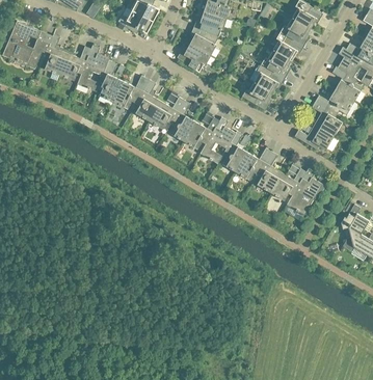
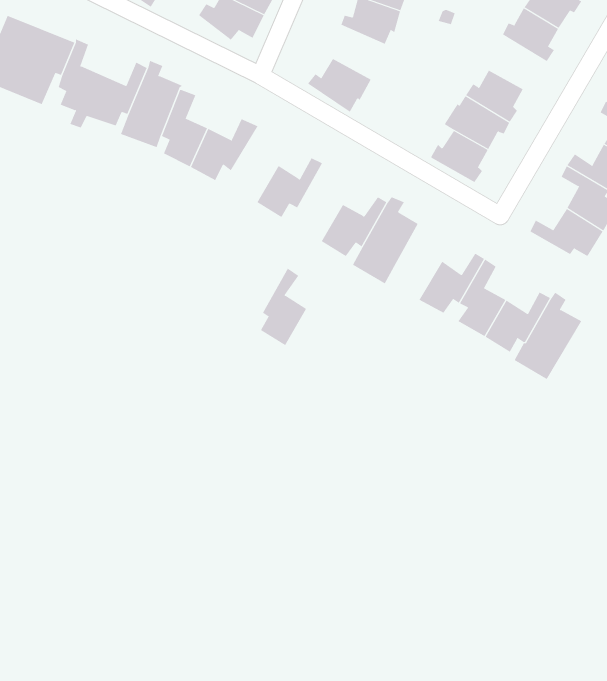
building: [189,26,217,55] -> none
building: [272,31,303,60] -> none
building: [134,80,160,120] -> none
building: [169,100,194,141] -> [260,268,307,346]
building: [221,131,247,172] -> none

